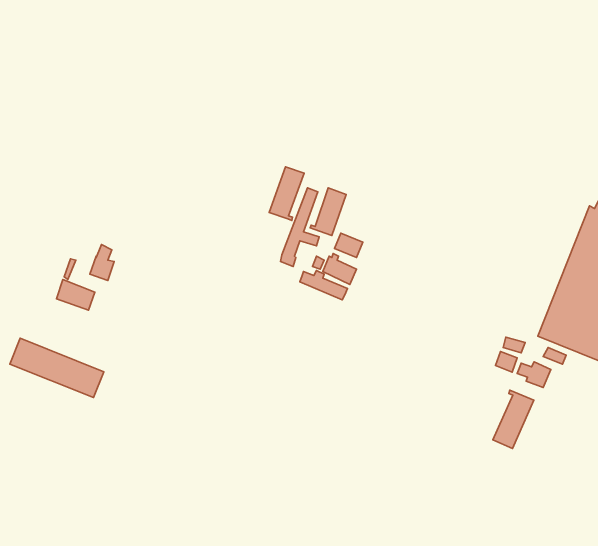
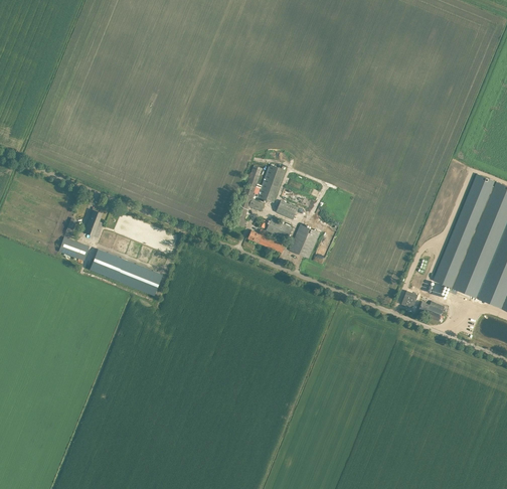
building: [269,167,304,220] -> none
building: none -> [289,224,320,259]
building: [10,338,104,397] -> [90,249,163,295]
building: [493,390,534,448] -> none

